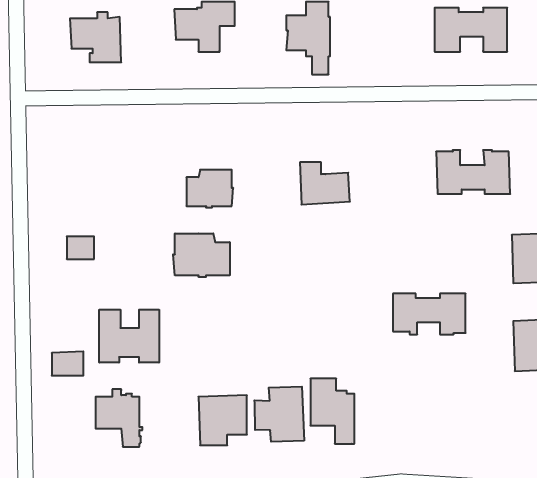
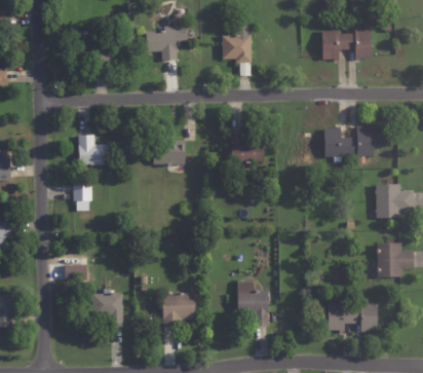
building: none -> [78,135,109,167]
building: [173,233,230,277] -> none
building: [393,294,466,334] -> [329,304,378,332]
building: [99,310,159,363] -> none
building: [254,387,304,442] -> none

